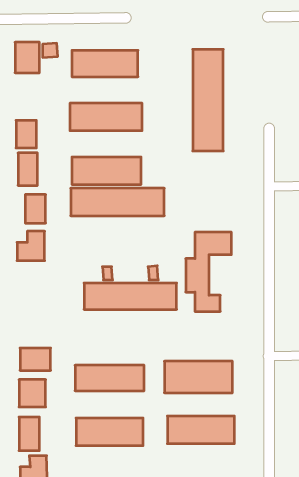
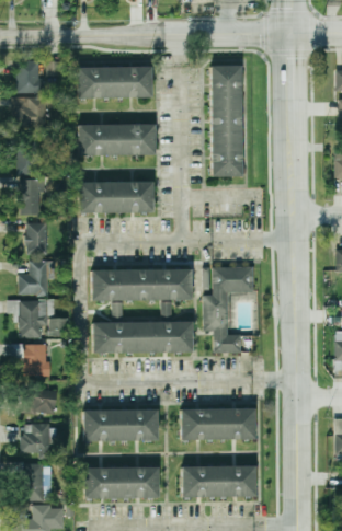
building: none -> [13,99,47,130]
building: [71,188,164,216] -> [90,268,191,298]
building: none -> [10,301,69,338]
building: none -> [13,345,49,377]

